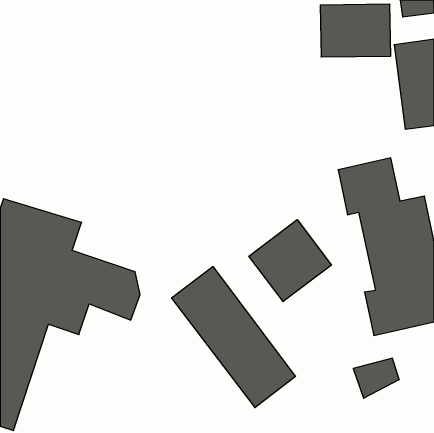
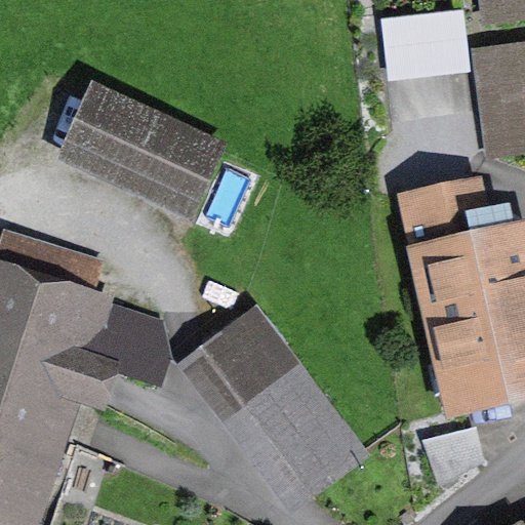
building: none -> [72,96,211,210]
building: [249,220,331,302] -> none

